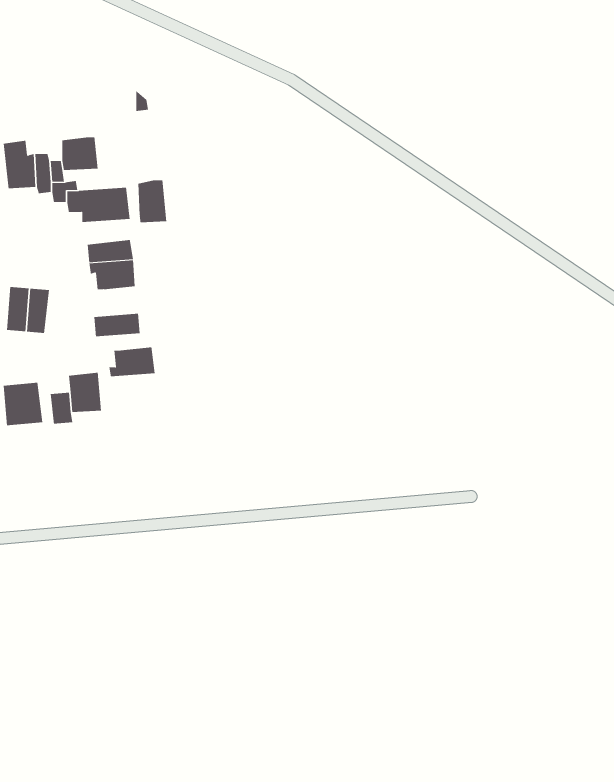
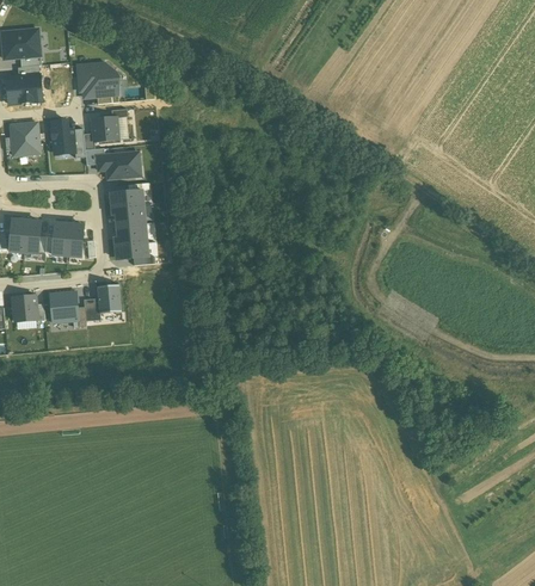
building: none -> [78,63,117,98]
building: [138,180,167,223] -> none
building: [109,347,156,377] -> [113,223,147,245]

